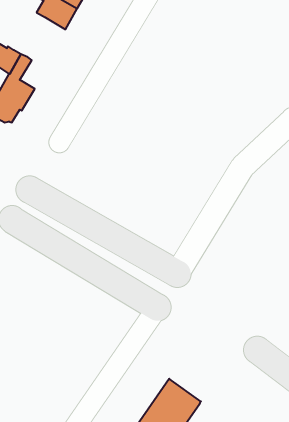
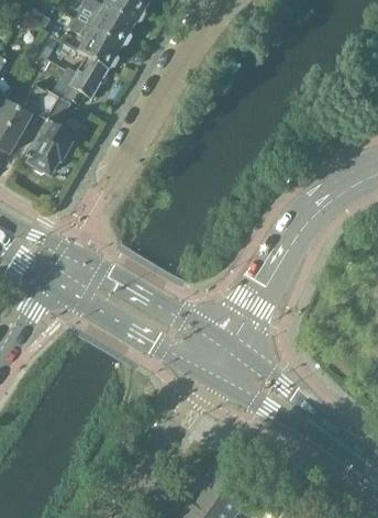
building: none -> [49,57,107,106]

